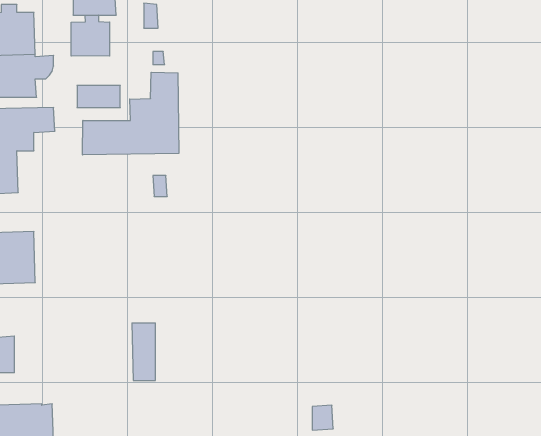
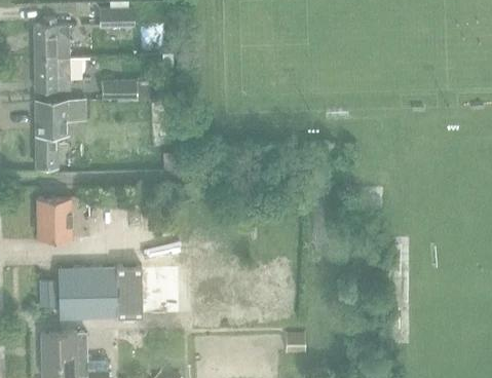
building: [71,15,110,56] -> none
building: [83,72,179,155] -> none
building: none -> [58,268,141,323]

